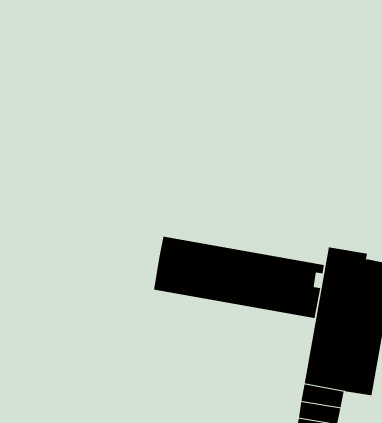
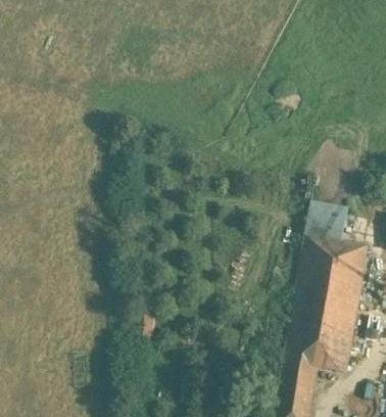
building: none -> [306,200,347,243]
building: [154,236,324,319] -> none

